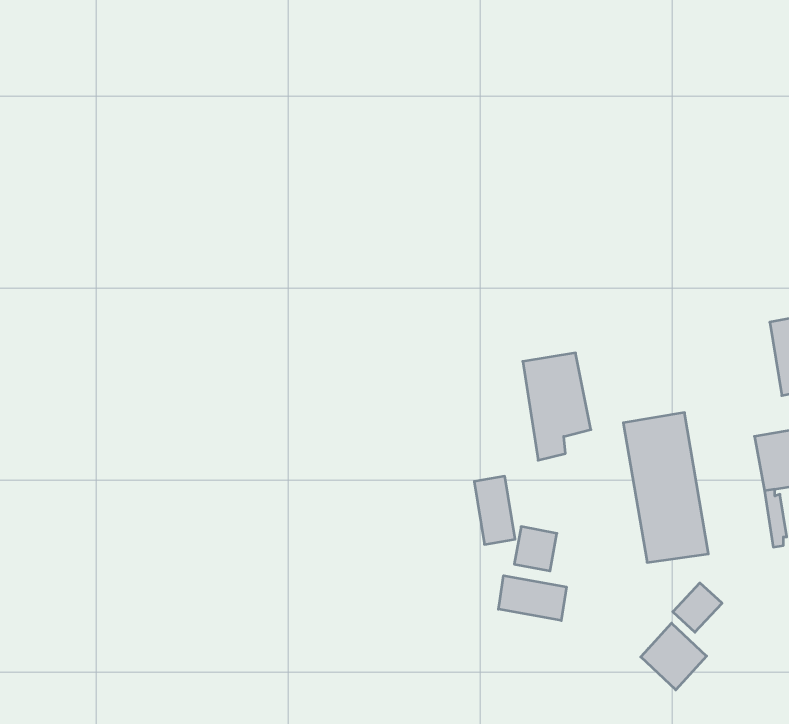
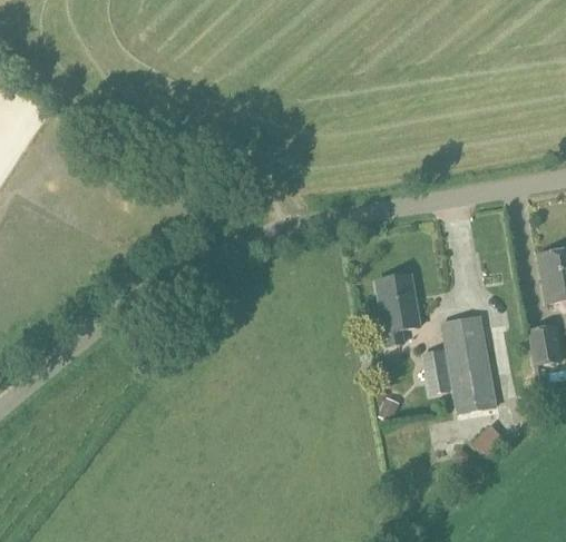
building: [474,476,515,544] -> [423,349,450,394]
building: [498,576,566,621] -> none
building: [641,623,707,690] -> none

